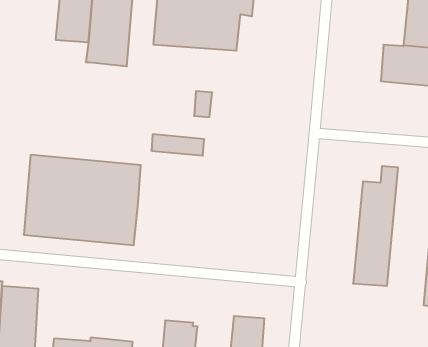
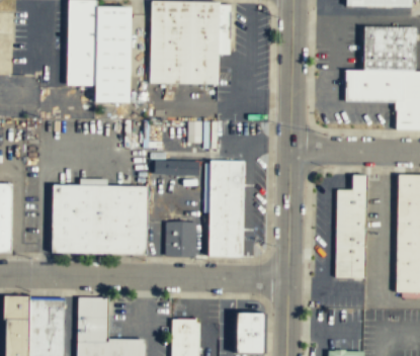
building: none -> [206,162,243,255]
building: none -> [164,221,195,256]
building: none -> [79,295,112,342]

